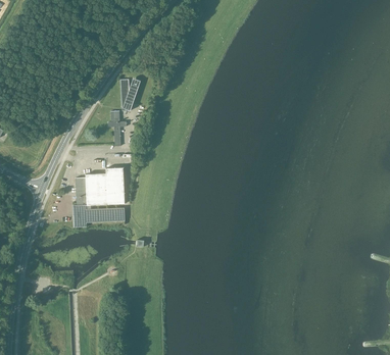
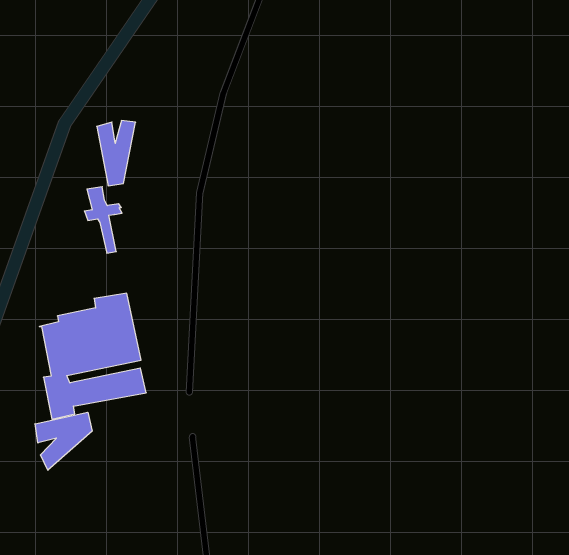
building: none -> [35,412,92,470]

